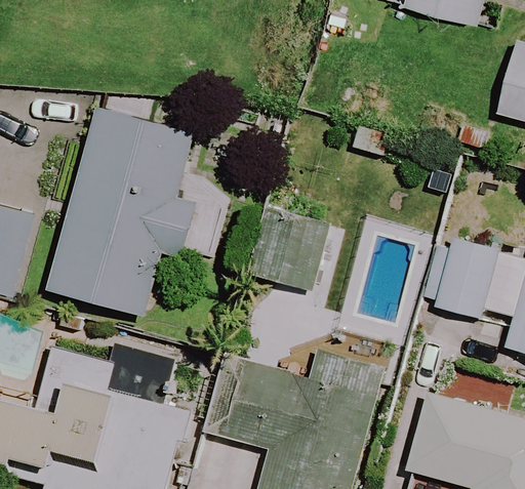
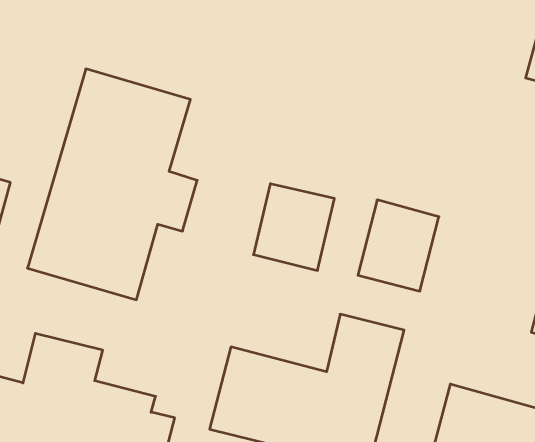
building: [422,237,496,320] -> [358,200,439,291]

